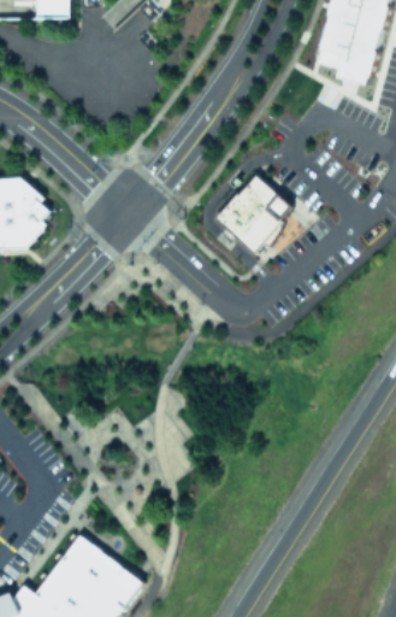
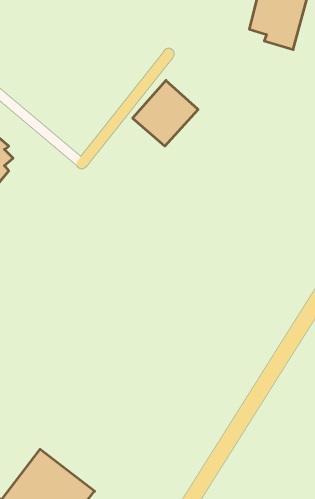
building: [218,175,291,248] -> [133,80,198,146]

